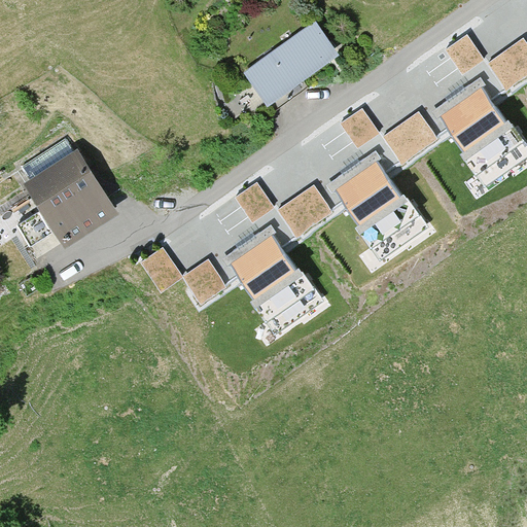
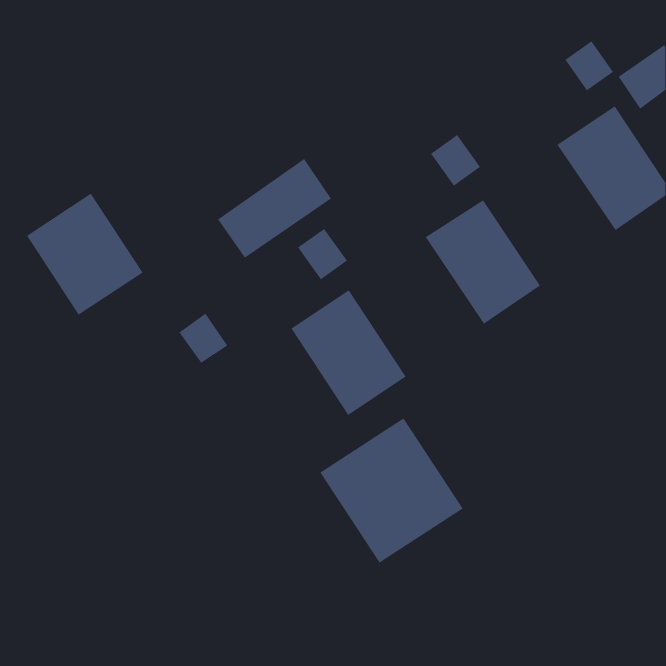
building: [242,26,332,105] -> [217,158,332,259]
building: [382,110,436,161] -> none
building: [278,182,331,234] -> none
building: [184,258,225,300] -> none
building: none -> [320,417,464,564]

